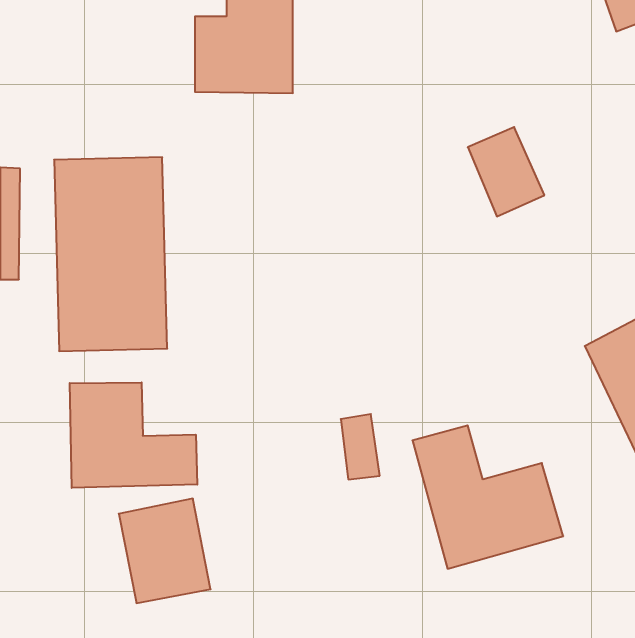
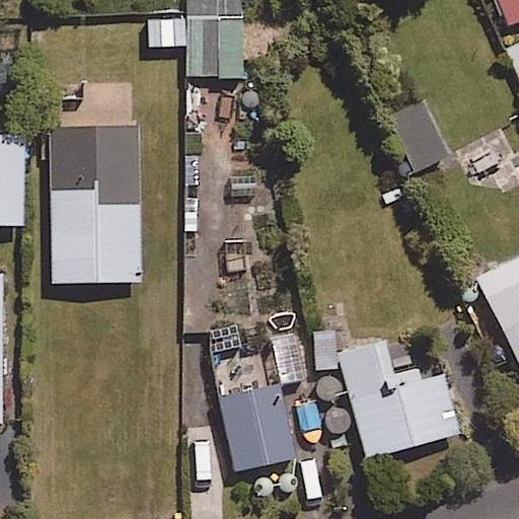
building: [70,382,197,488] -> none
building: [119,499,211,603] -> [220,384,294,468]

